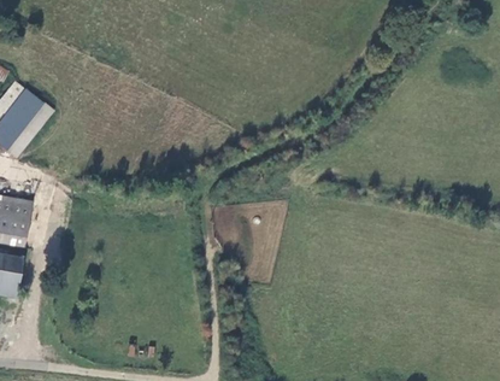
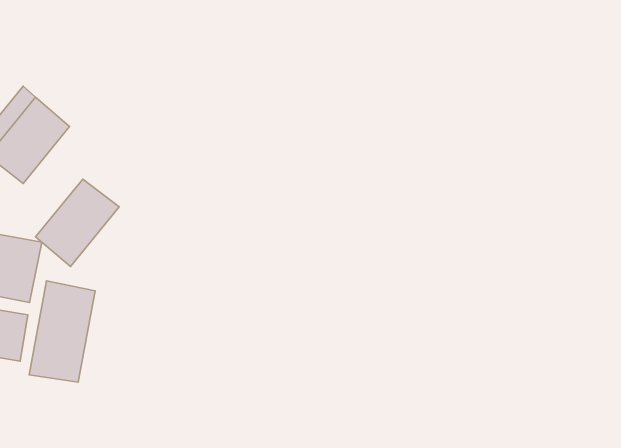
building: none -> [36,179,119,267]
building: none -> [29,281,95,382]

